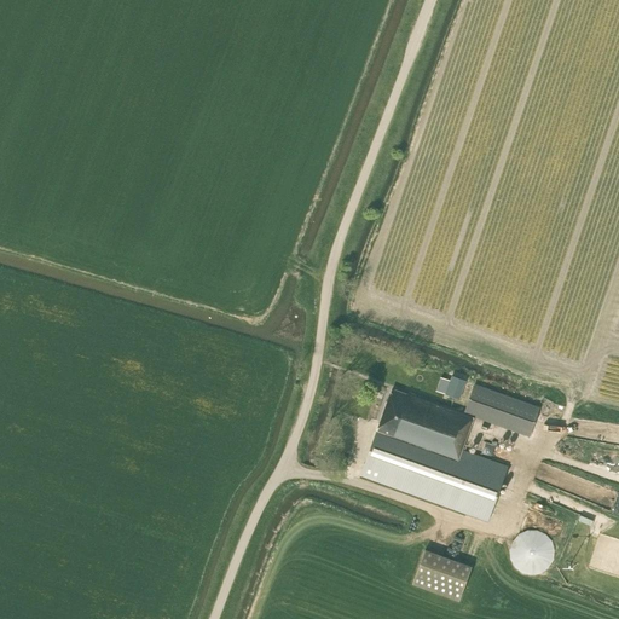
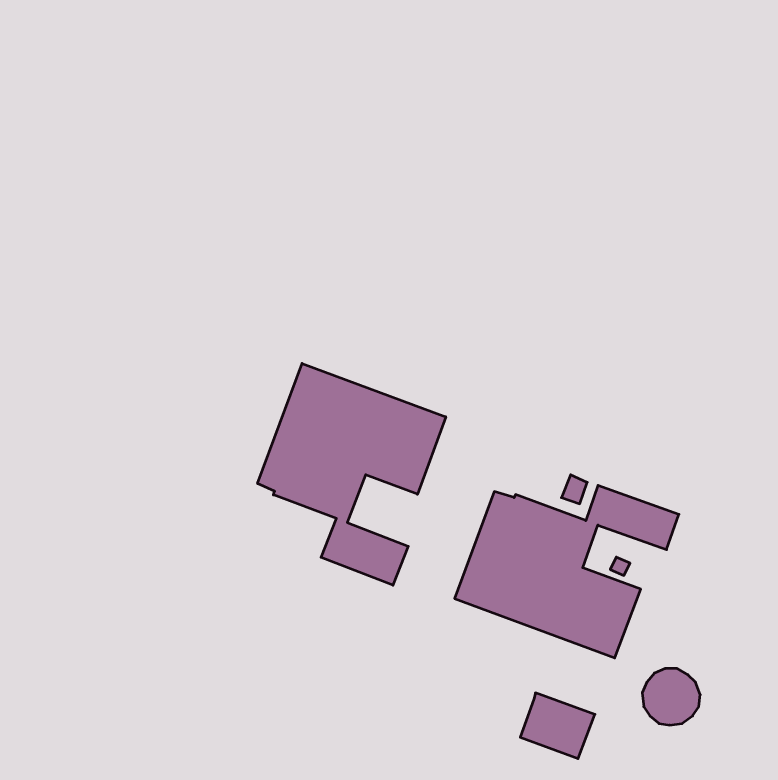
building: none -> [258,363,446,585]

